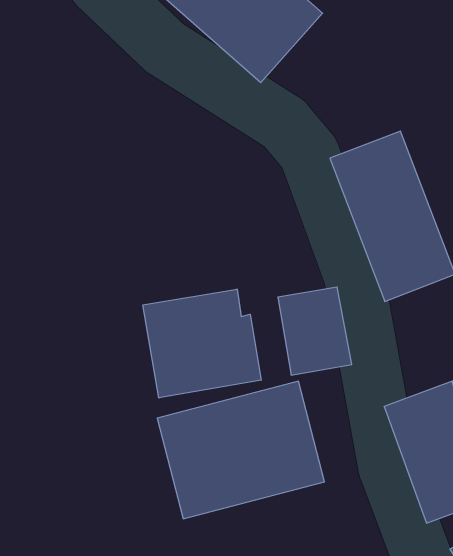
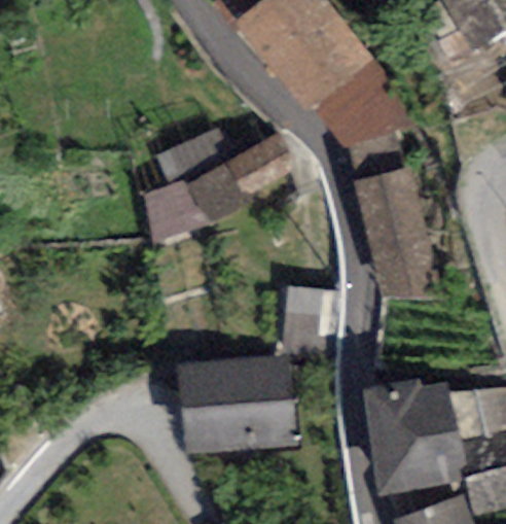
building: none -> [143,126,302,235]
building: [143,289,261,398] -> none

